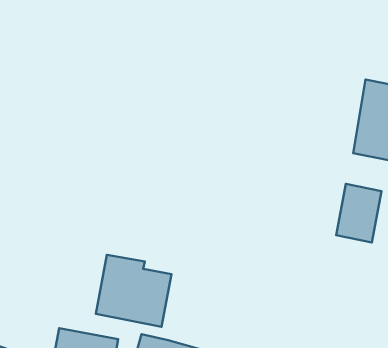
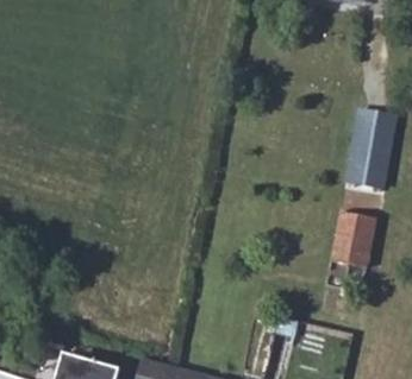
building: [96,255,171,327] -> none

